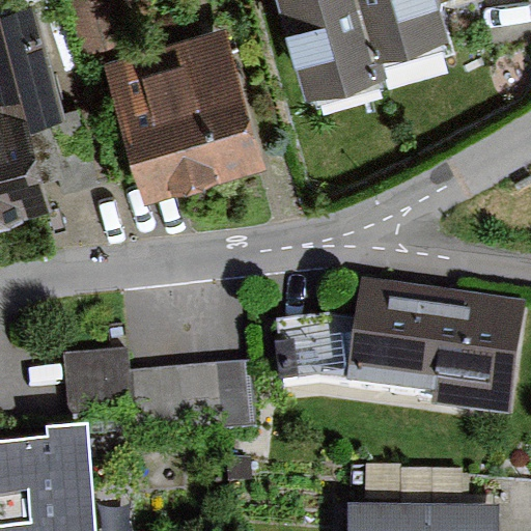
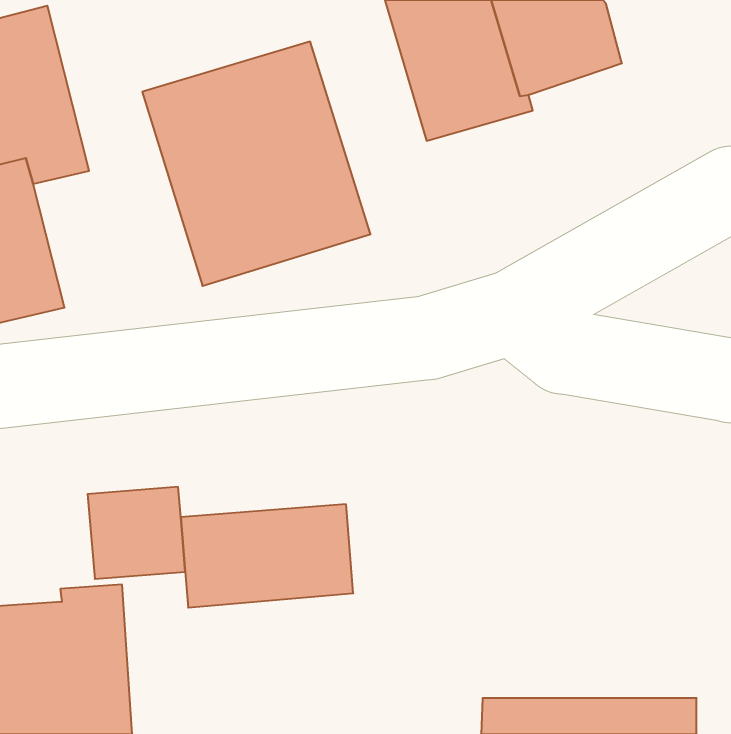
building: [278,276,522,409] -> none

